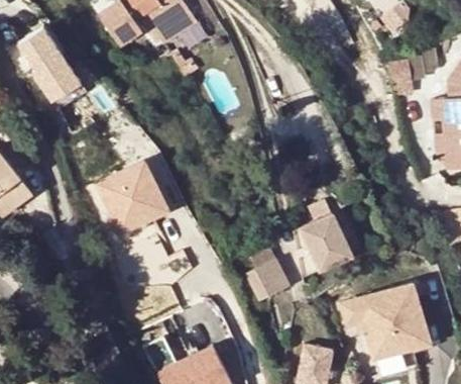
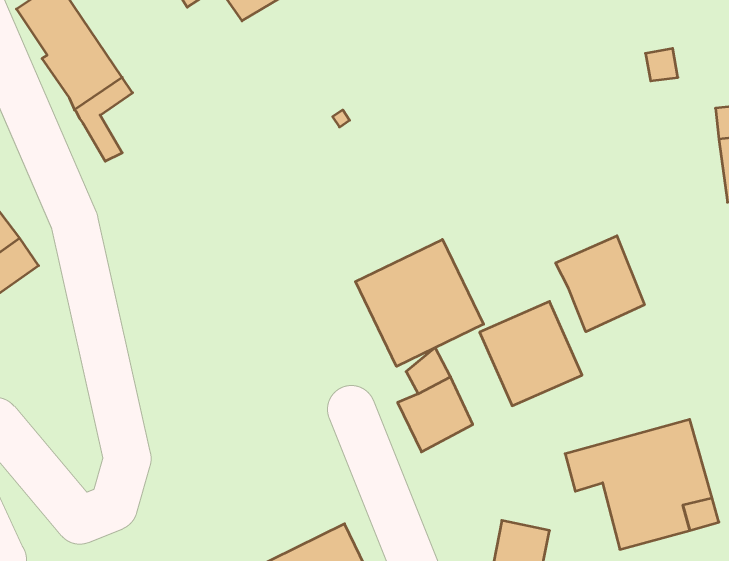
building: [93,157,170,236] -> none
building: none -> [556,236,644,332]
building: none -> [355,239,484,366]

